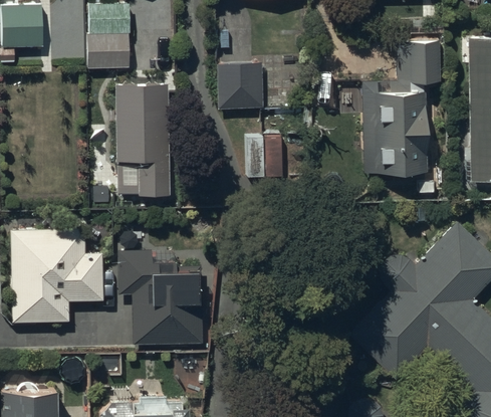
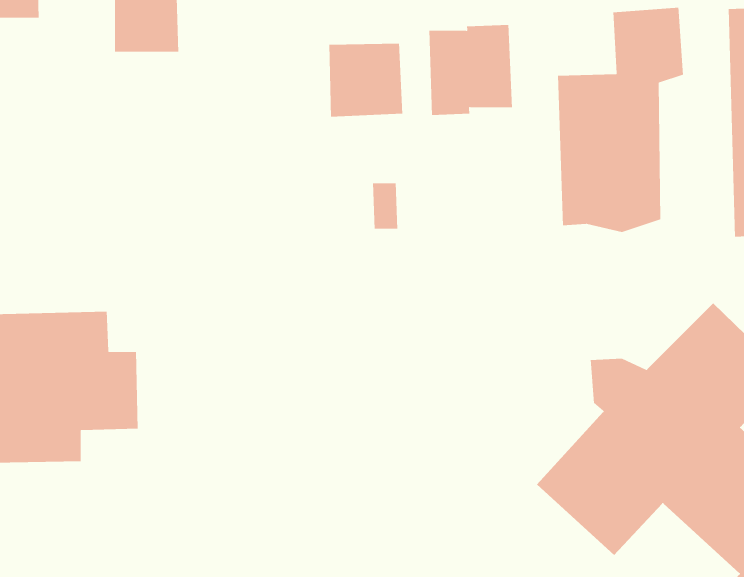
building: none -> [429,24,513,116]
building: [115,84,167,206] -> none
building: [118,248,204,344] -> none

